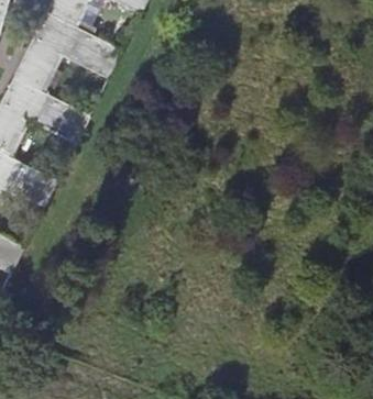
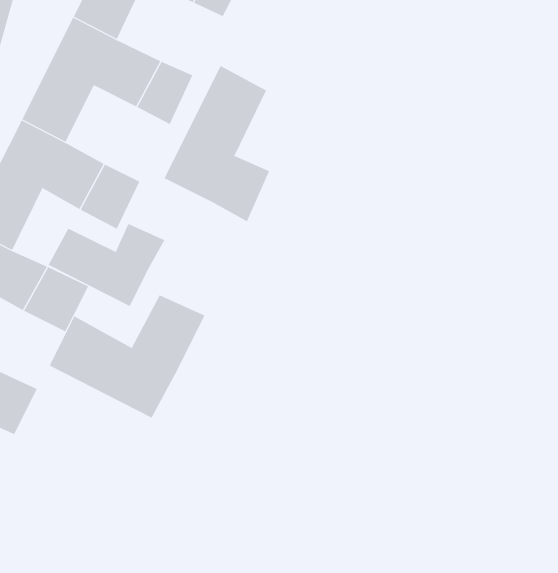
building: none -> [164,65,270,222]
building: none -> [48,223,165,307]
building: none -> [49,294,205,419]

